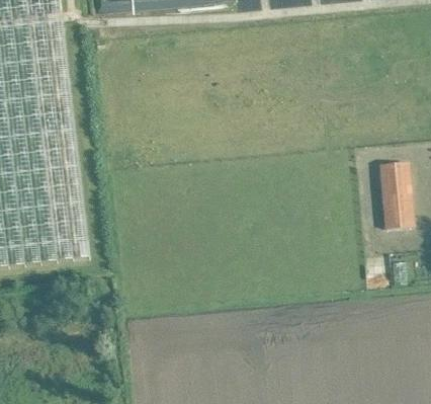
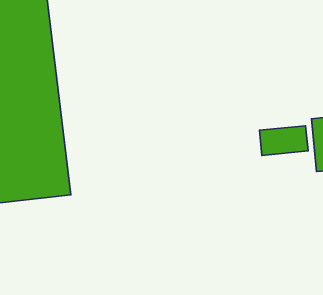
building: none -> [260,126,308,155]

